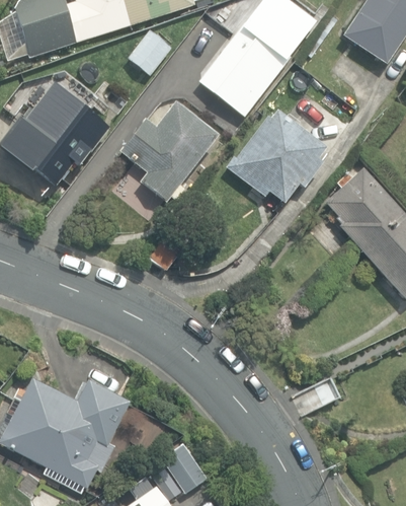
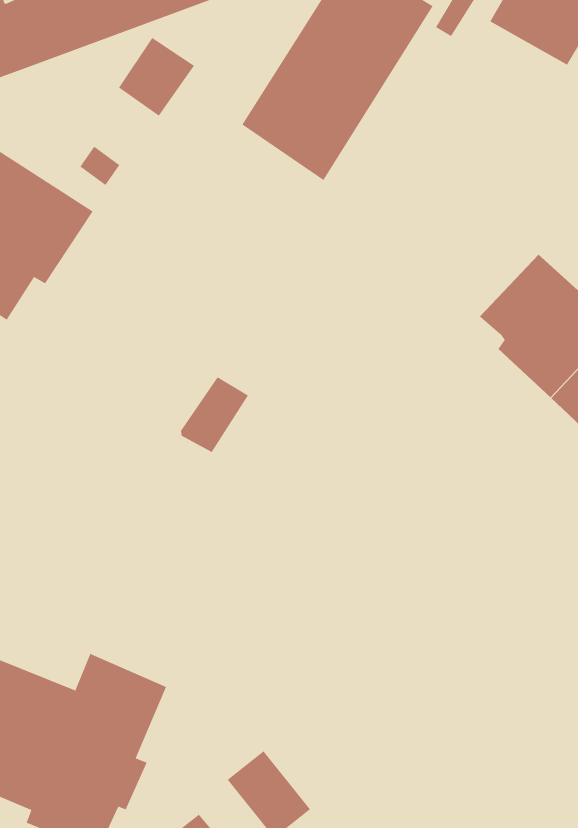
building: [119,101,219,201] -> none
building: [226,110,326,203] -> none

